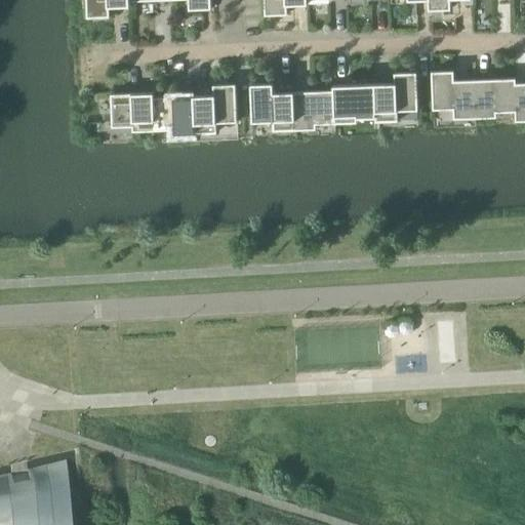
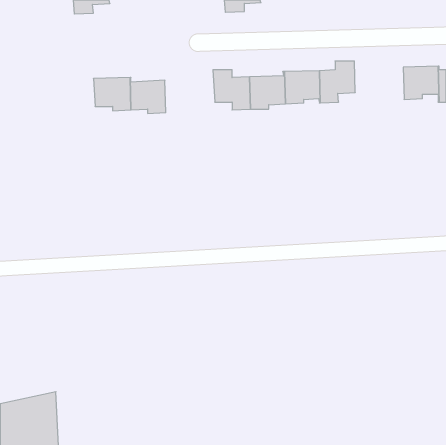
building: [431,71,475,119] -> none
building: [194,84,237,133] -> none

